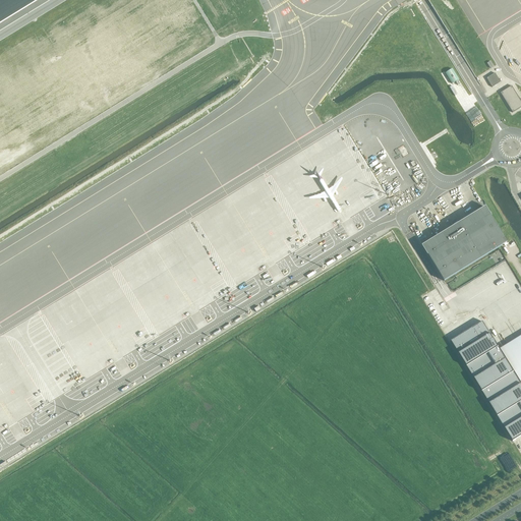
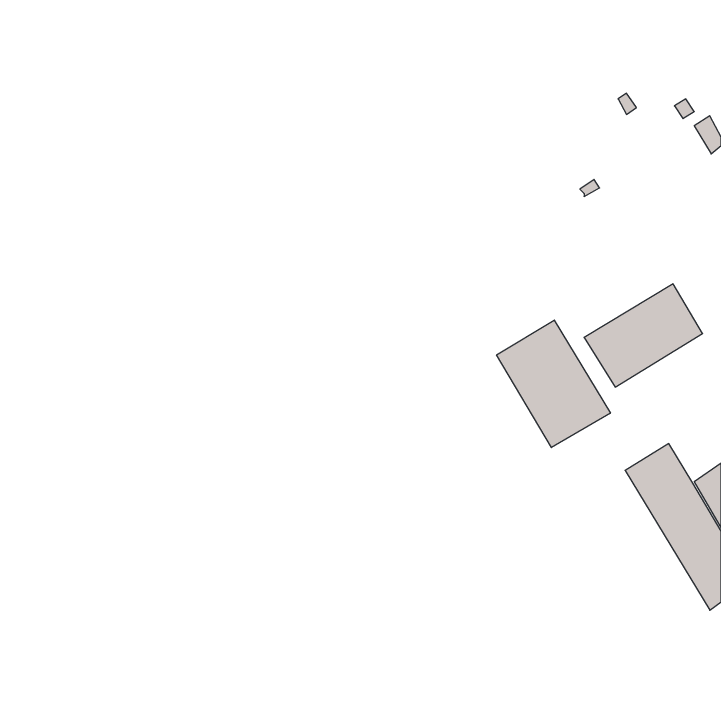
building: none -> [497,320,610,448]

